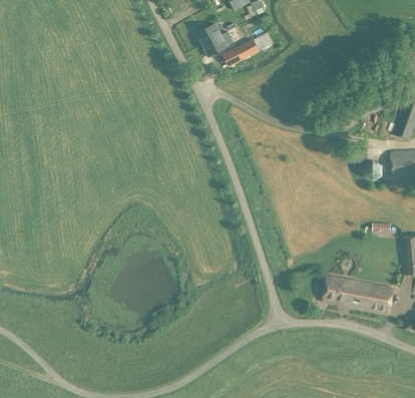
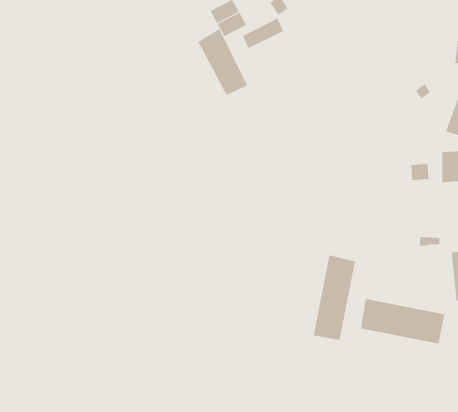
building: none -> [197,28,248,96]
building: none -> [313,255,355,341]

